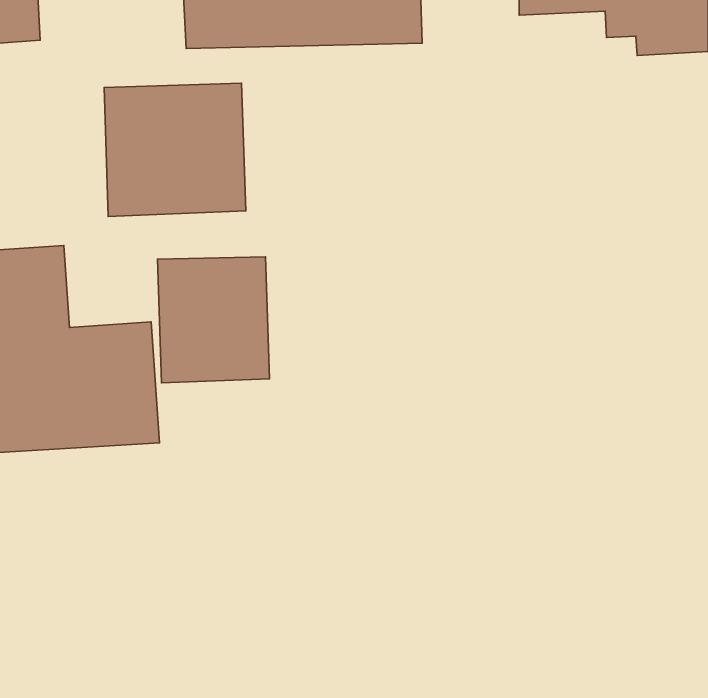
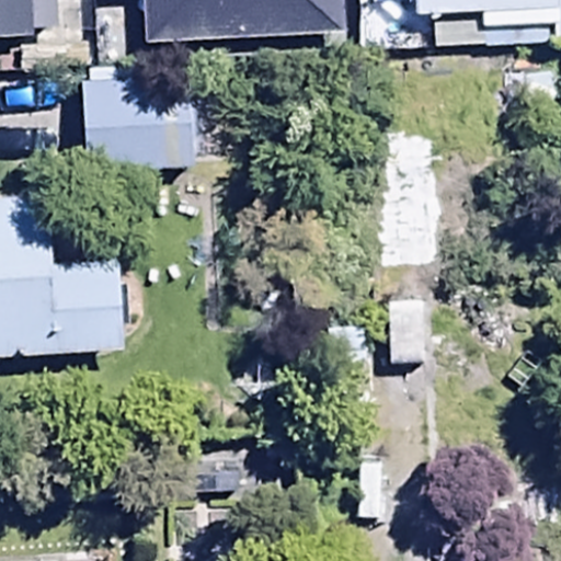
building: [158,257,269,383] -> none

